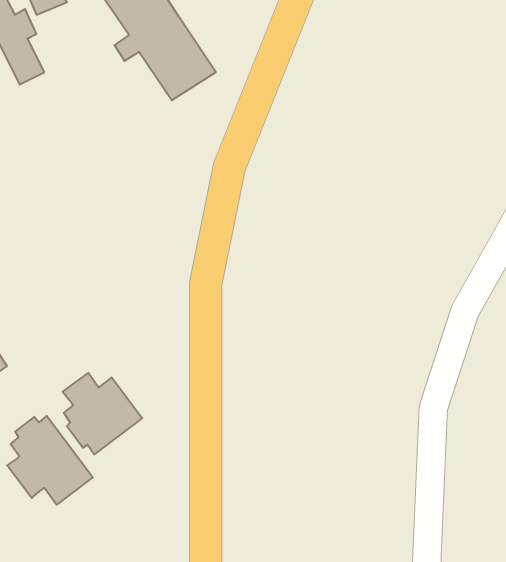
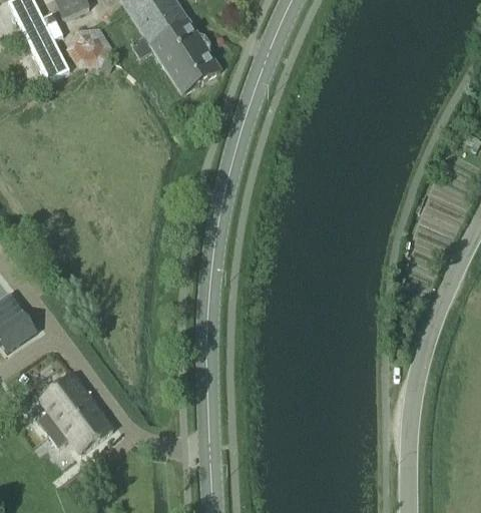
building: none -> [67,28,110,66]
building: [63,373,142,454] -> none

